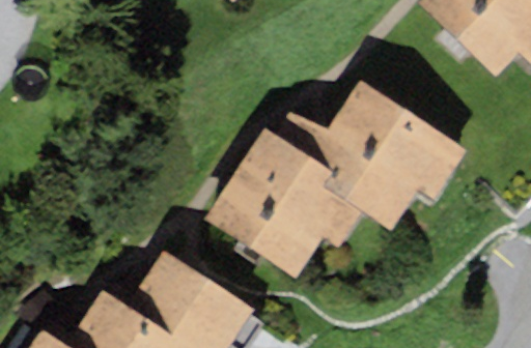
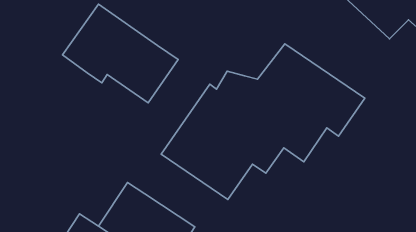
building: none -> [63,4,178,103]

